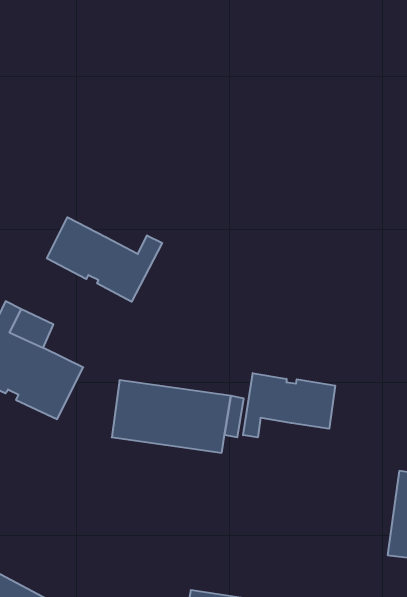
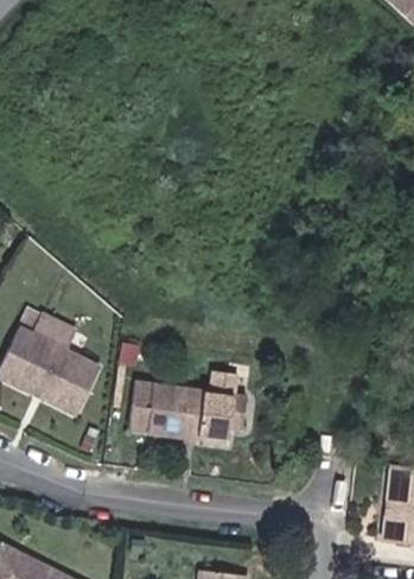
building: [47,217,162,302] -> none
building: [243,373,335,437] -> none

